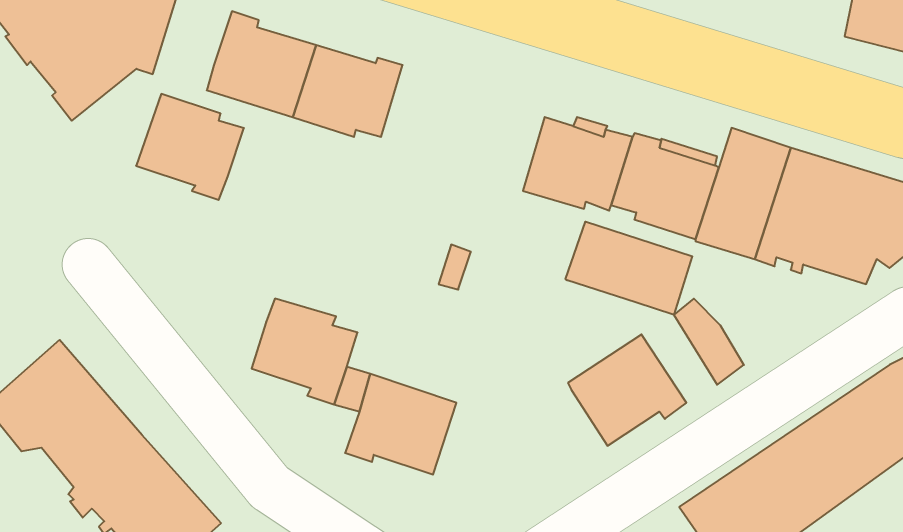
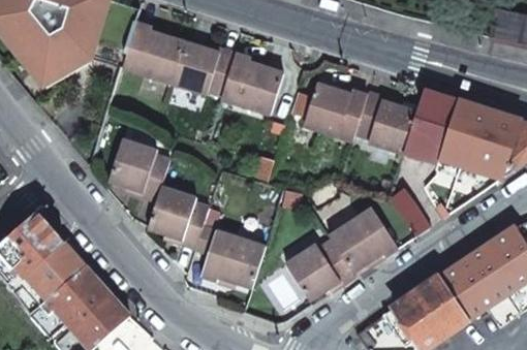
building: none -> [220,52,282,113]
building: [136,94,244,200] -> [107,138,169,199]
building: [566,222,692,315] -> none
building: none -> [284,238,354,299]

